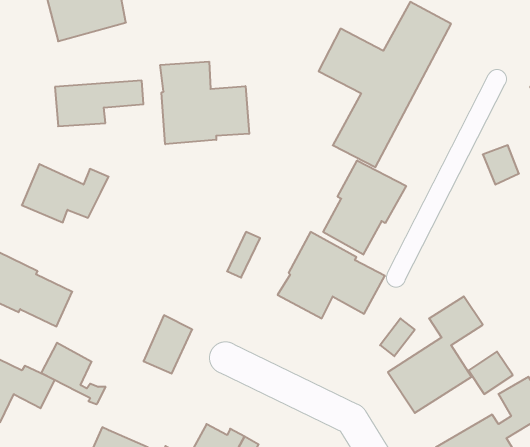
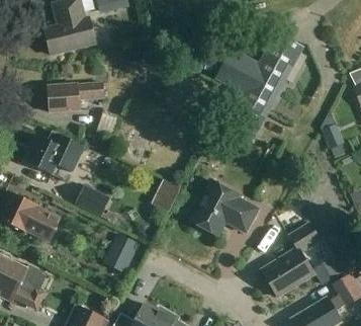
building: [160,62,249,144] -> none
building: [323,160,406,255] -> none
building: [41,343,106,404] -> [76,182,117,222]

